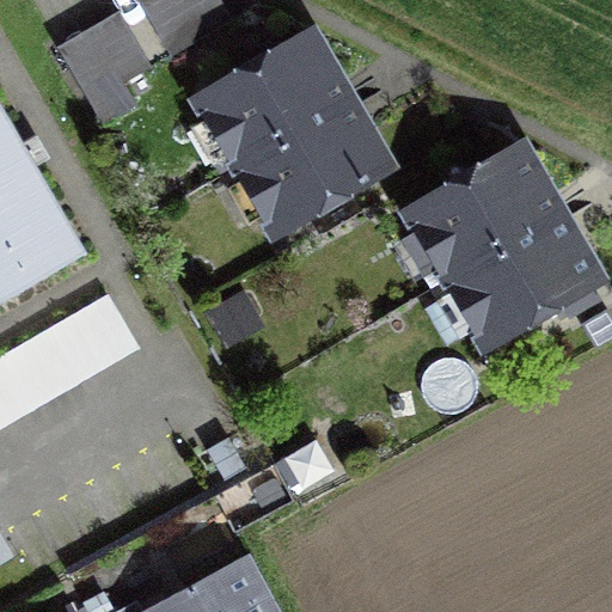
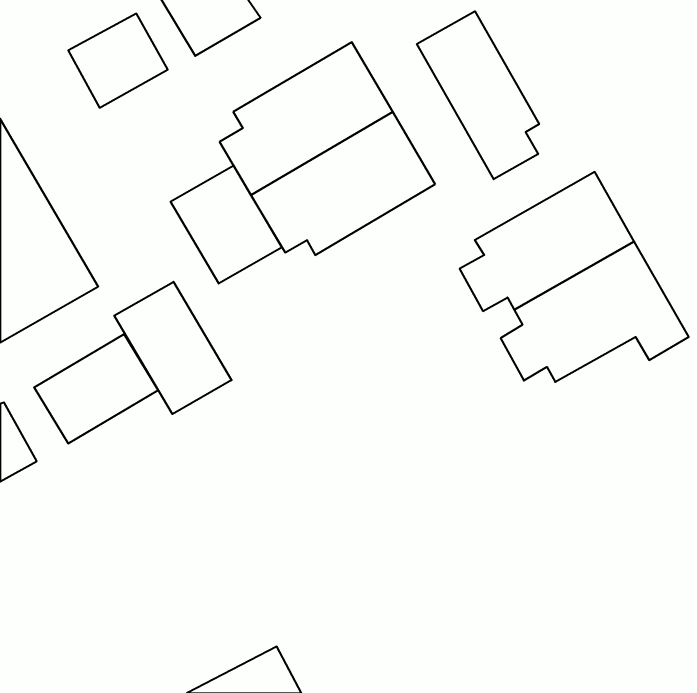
building: none -> [417,11,539,179]
building: none -> [171,166,282,284]
building: none -> [114,282,232,414]

